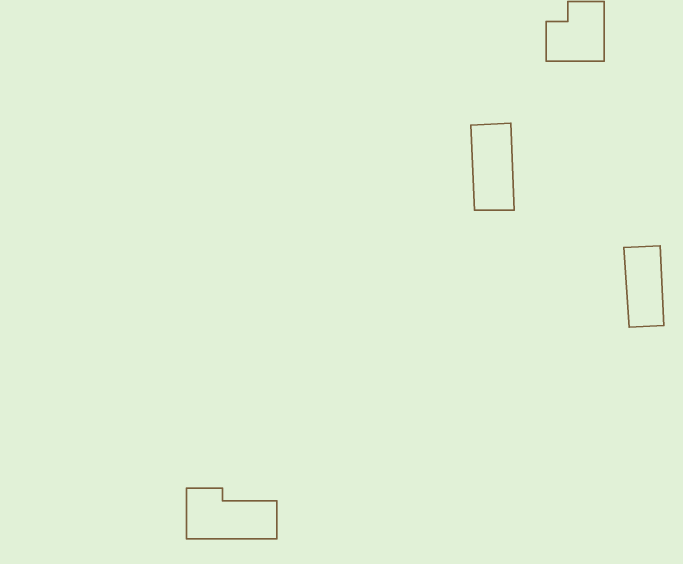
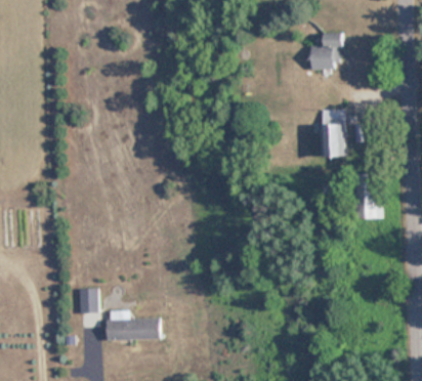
building: [471,123,514,210] -> [322,110,346,159]
building: none -> [78,288,97,313]

